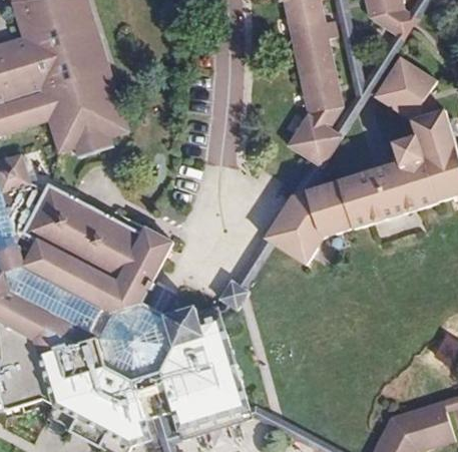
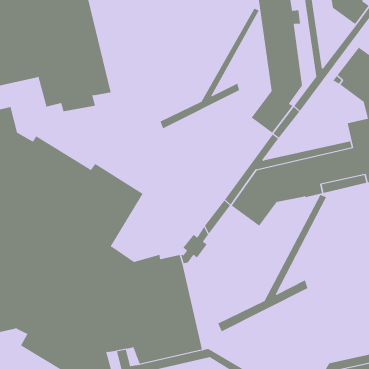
building: none -> [160,8,260,129]
building: none -> [218,194,327,332]

